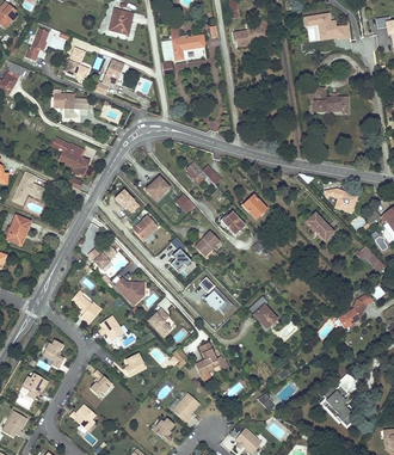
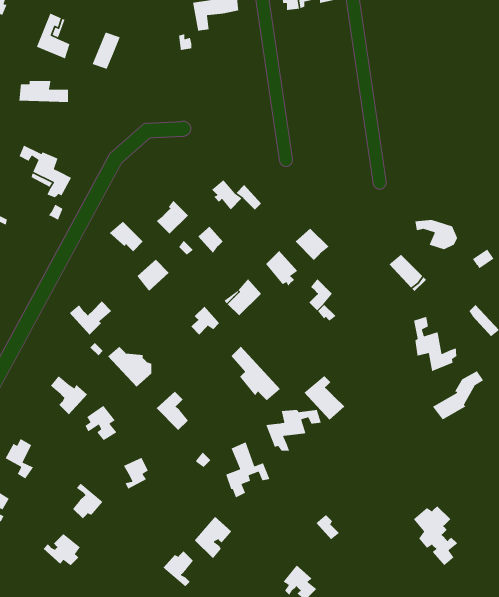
building: [309,87,344,111] -> none
building: none -> [413,316,457,372]
building: none -> [265,409,322,452]

